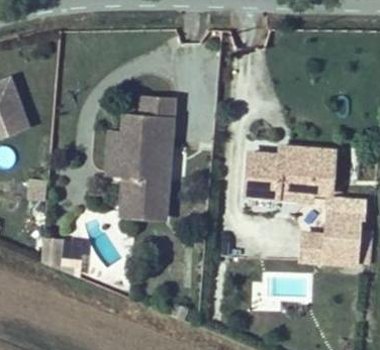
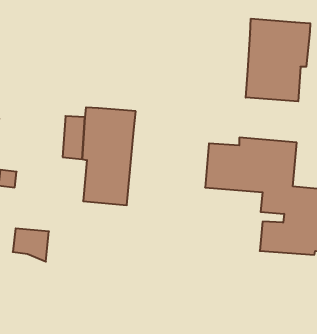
building: none -> [246,19,310,101]
building: [135,95,176,119] -> none

